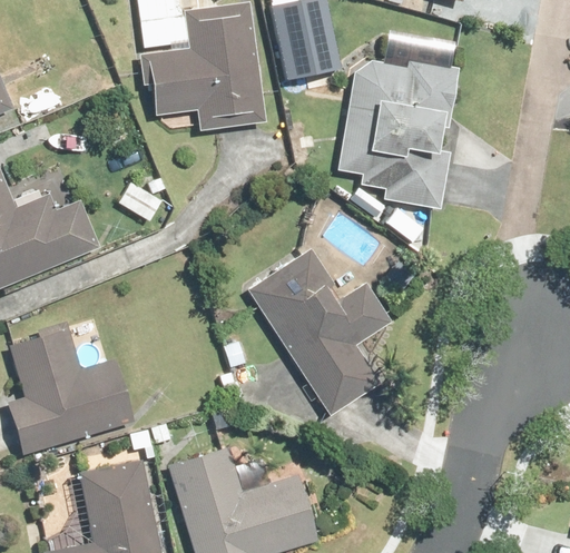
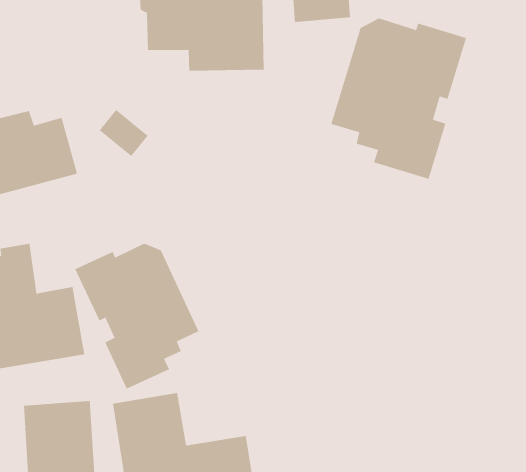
building: [247,251,395,414] -> none
building: none -> [75,243,199,390]

